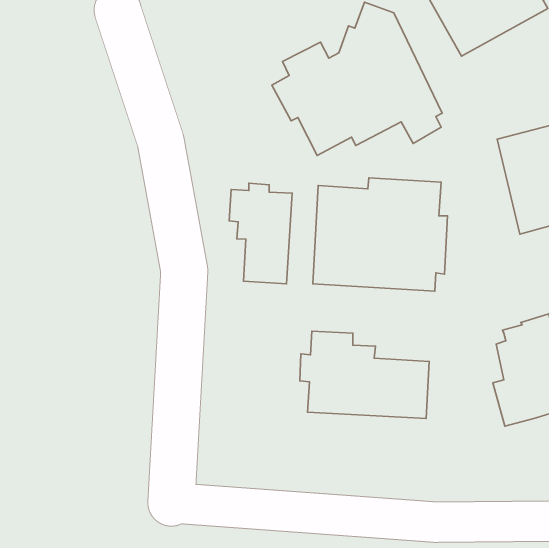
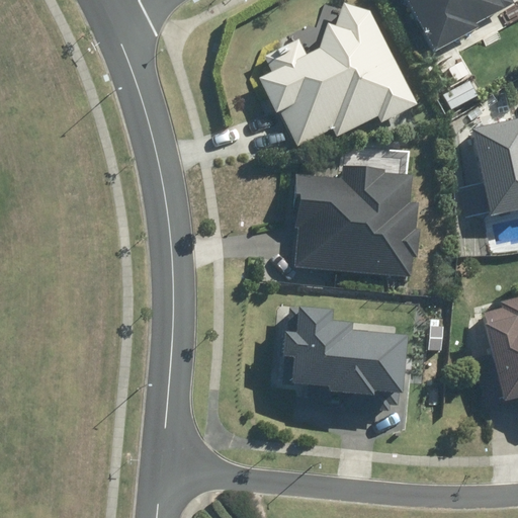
building: [229,183,292,284] -> none

